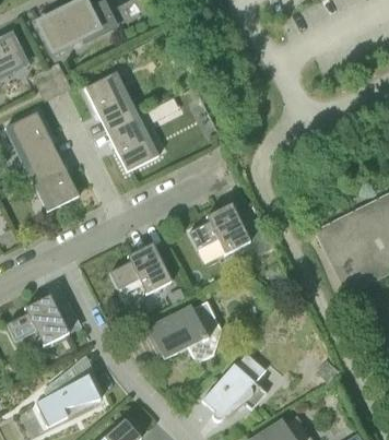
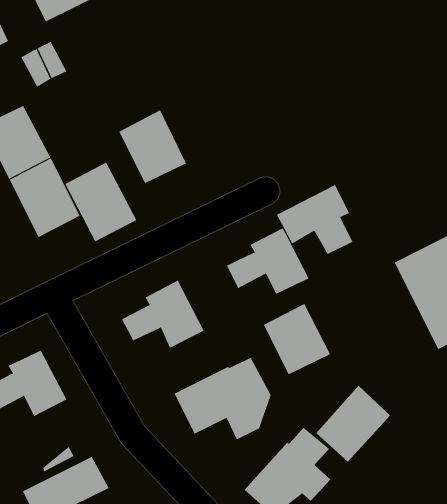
building: [84,71,139,131] -> [64,162,137,242]
building: none -> [276,184,353,255]
building: none -> [263,303,331,375]
building: none -> [316,385,391,463]

